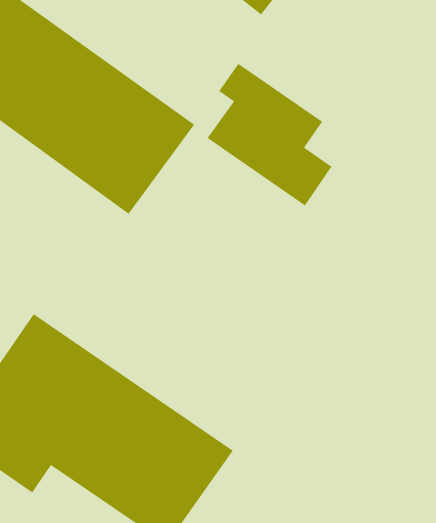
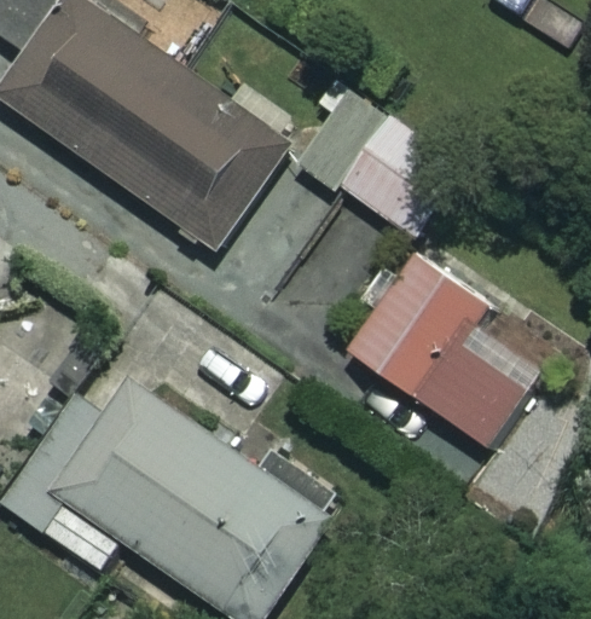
building: none -> [346,218,540,445]

